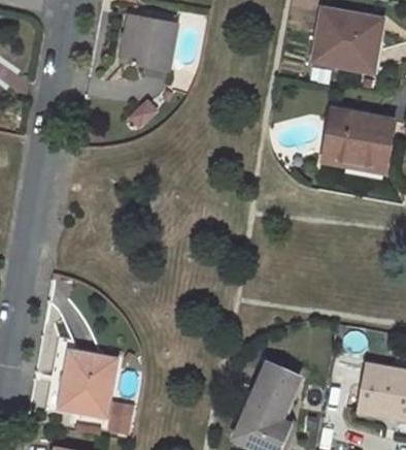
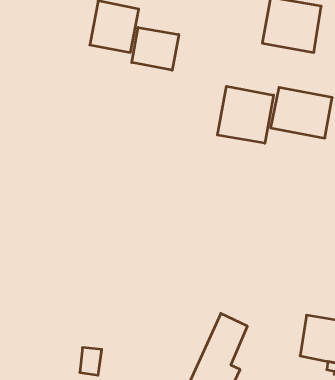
building: none -> [132,27,179,70]
building: none -> [217,86,274,143]
building: [59,351,115,416] -> none

